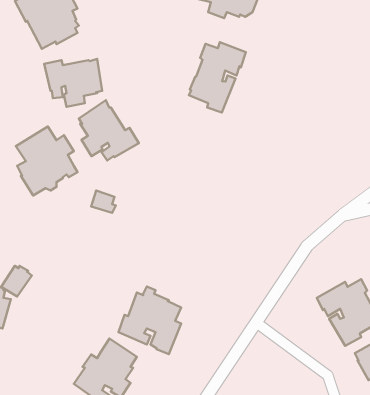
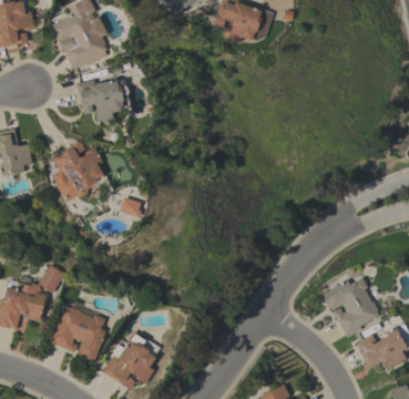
building: [189,42,246,113] -> none
building: [79,100,139,160] -> none
building: [118,286,181,354] -> [49,300,105,361]

